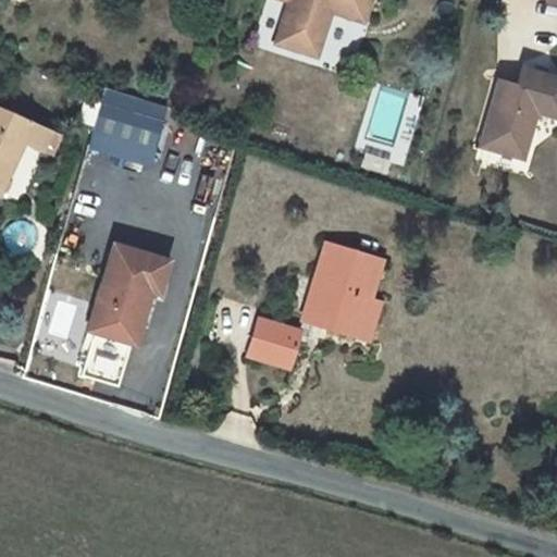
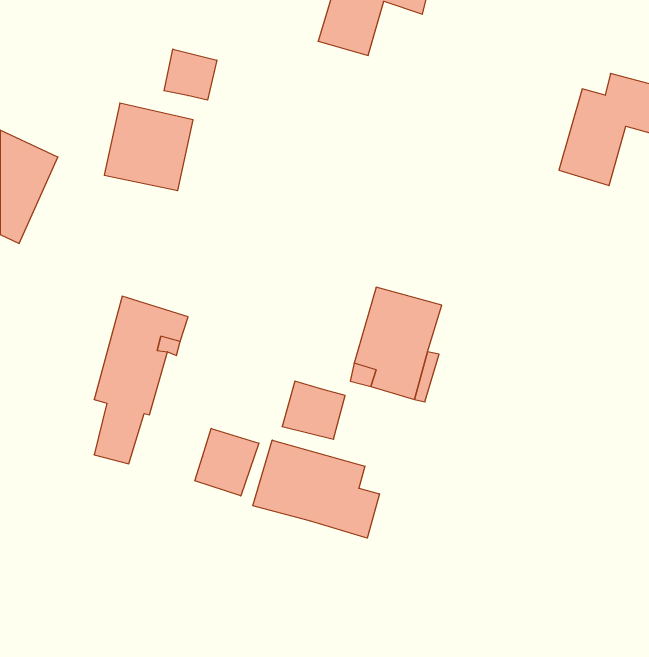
building: none -> [164,49,217,100]
building: none -> [195,428,259,496]
building: none -> [253,440,379,538]

